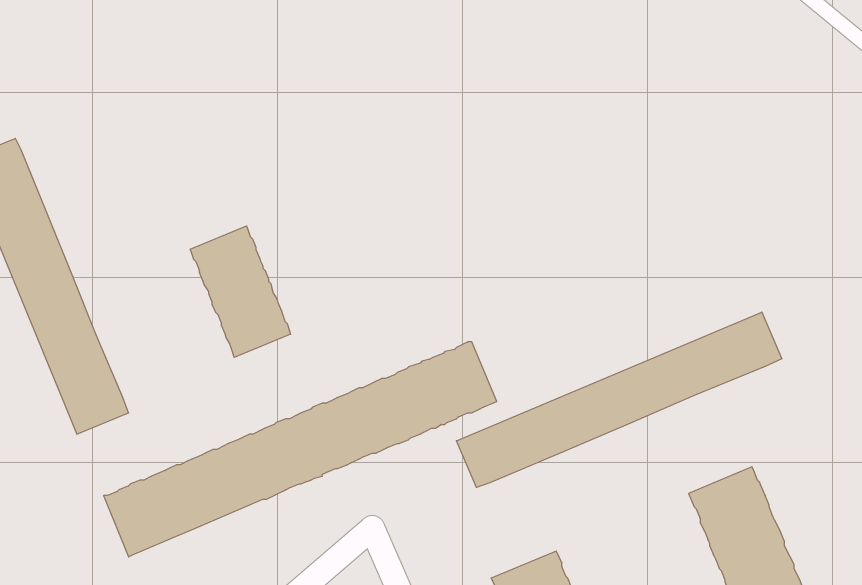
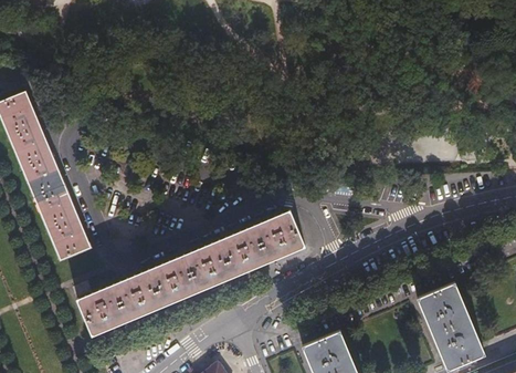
building: [190,226,291,357] -> none
building: [456,312,782,487] -> none

